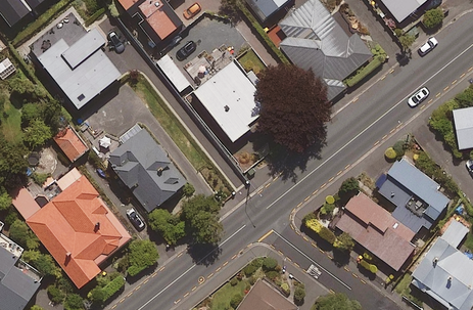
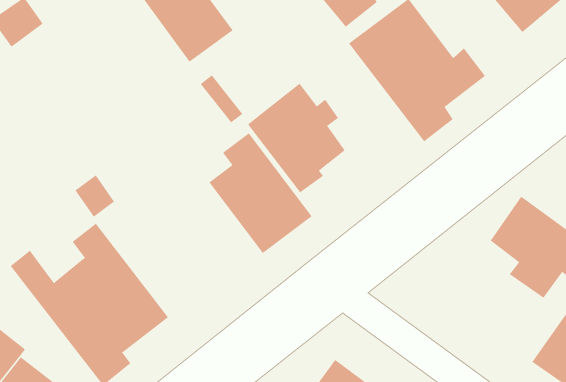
building: [29,15,130,124] -> none
building: [110,124,189,216] -> [209,133,312,254]
building: [332,185,417,267] -> none

